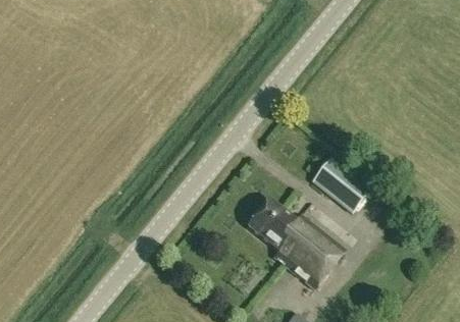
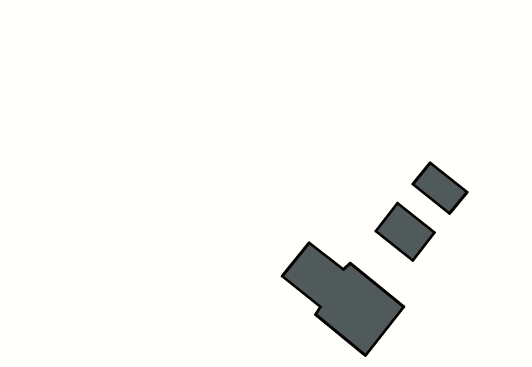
building: none -> [413,163,467,214]

